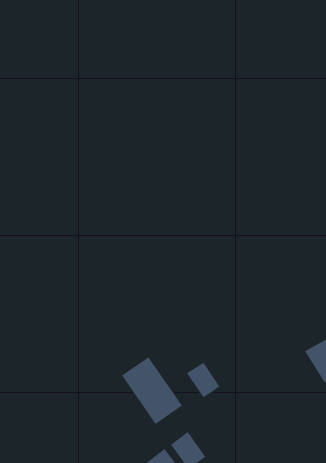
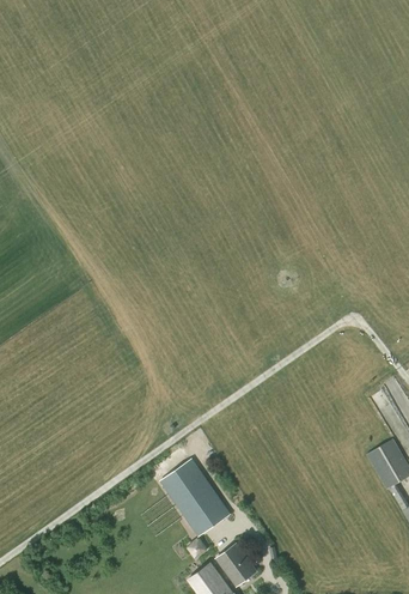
building: [186,362,220,398] -> none

